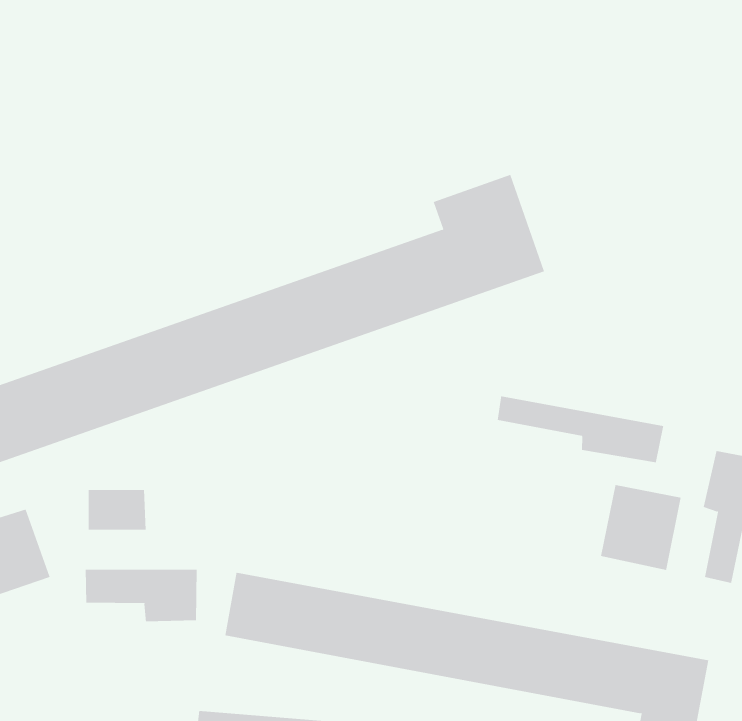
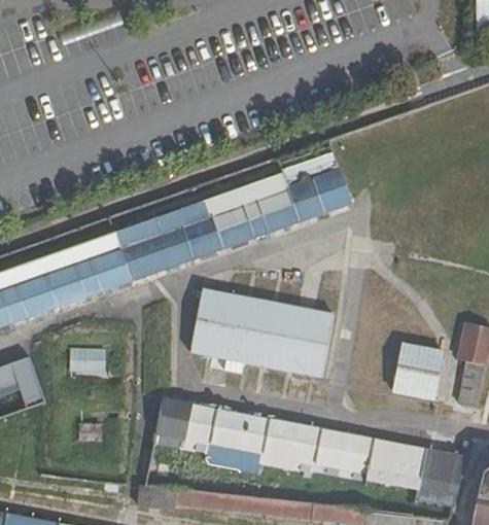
building: [497,395,664,463] -> none
building: none -> [189,289,331,376]
building: [85,569,197,622] -> none

